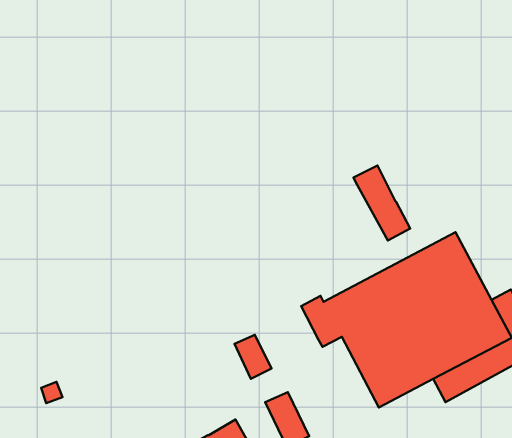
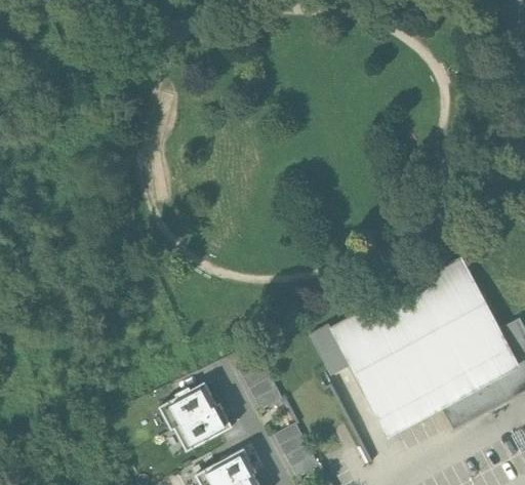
building: [353,165,410,240] -> none
building: none -> [158,382,232,451]

